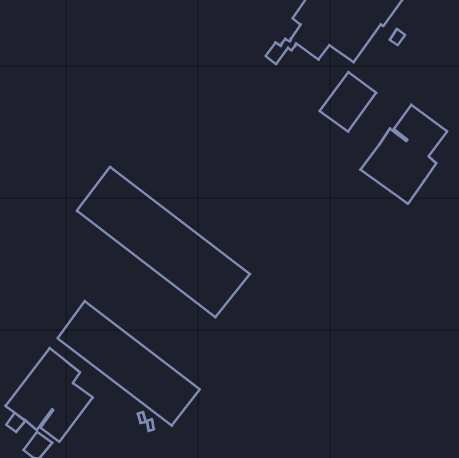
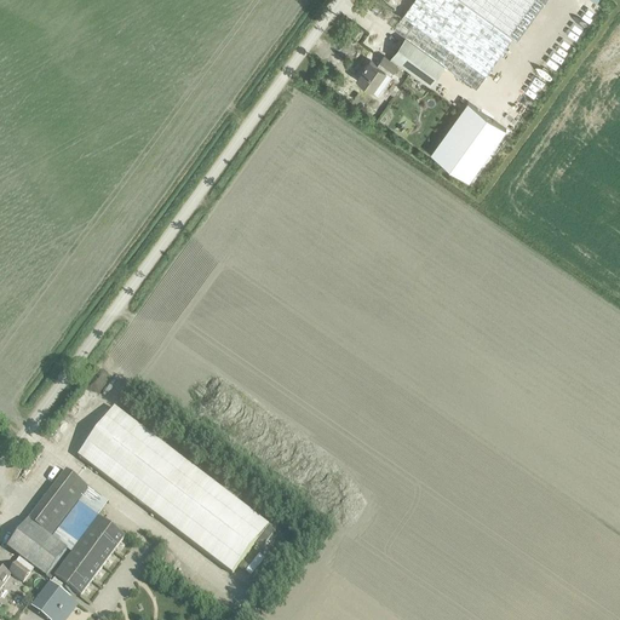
building: [360,105,447,204] -> none
building: [77,167,250,317] -> none

